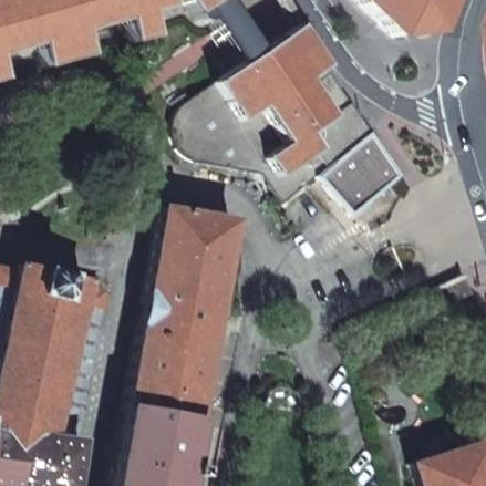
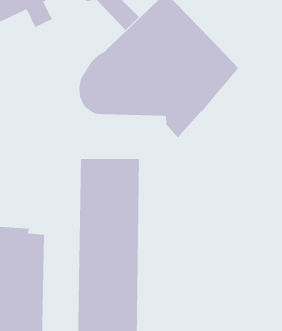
building: [327,131,410,216] -> none

